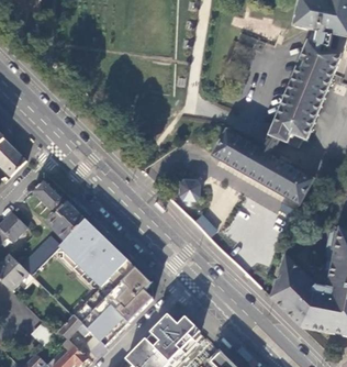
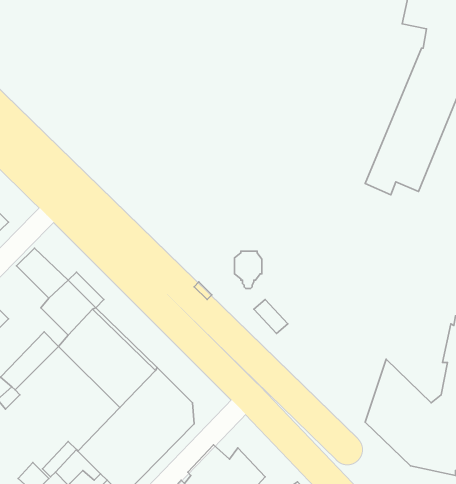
building: [211,130,312,203] -> none

